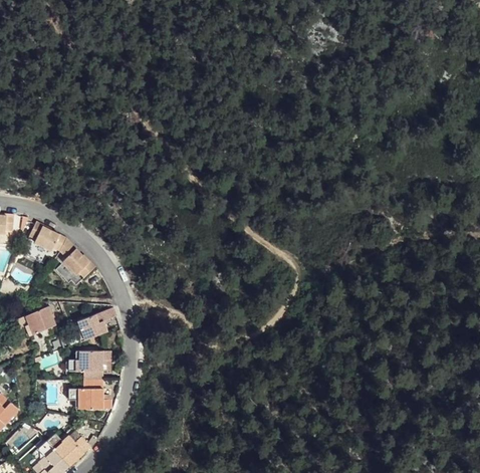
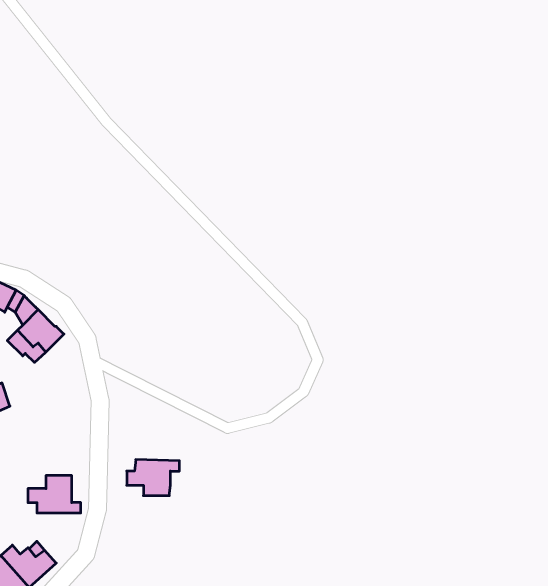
building: [77,307,117,341] -> none
building: [70,350,111,379] -> [127,460,179,496]

